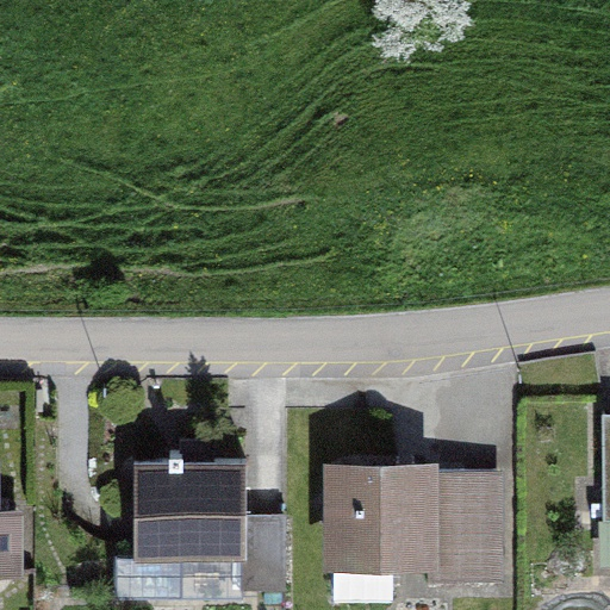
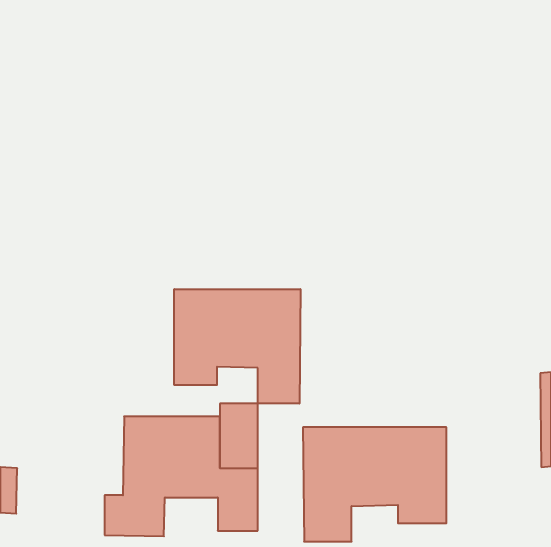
building: none -> [174,289,300,404]

